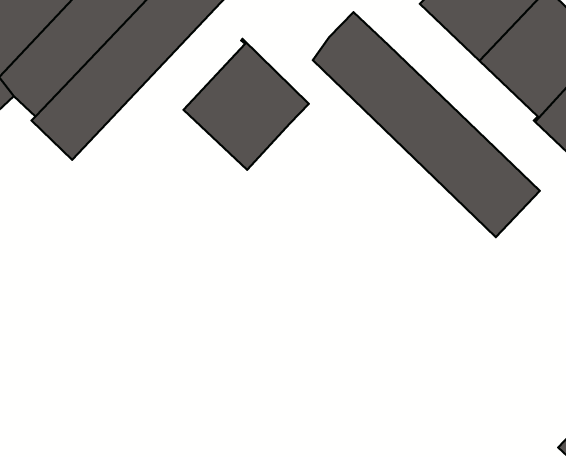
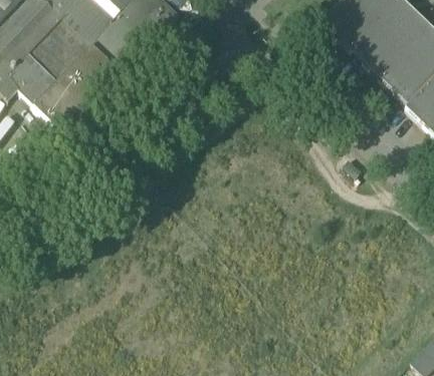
building: [313,12,540,237] -> none
building: [183,39,309,170] -> none

